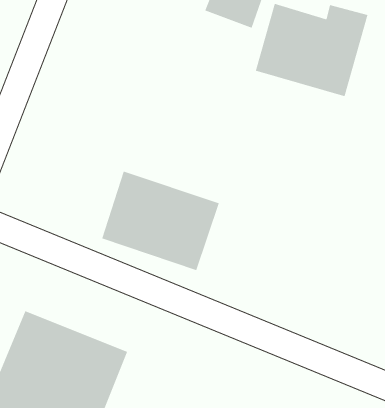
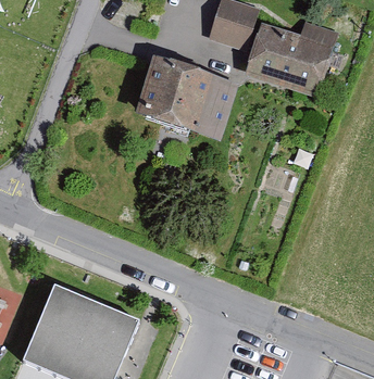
building: [101,170,220,271] -> [141,59,241,143]

